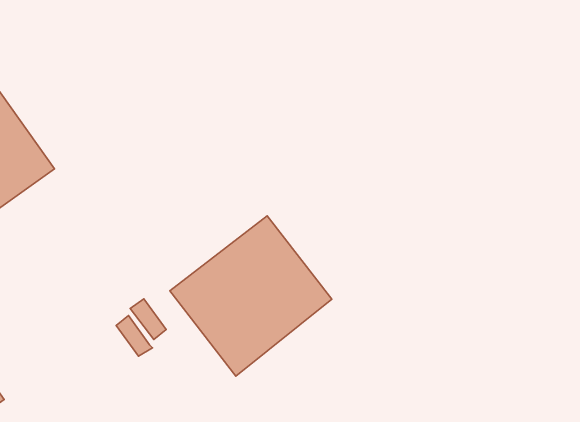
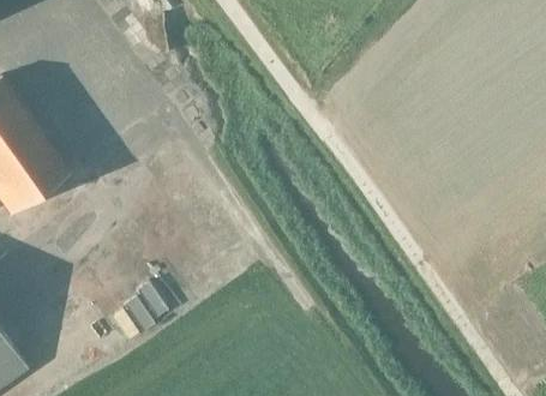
building: [170,216,332,376] -> none

